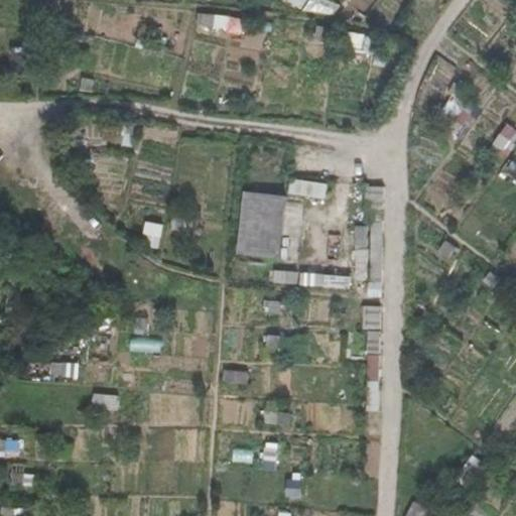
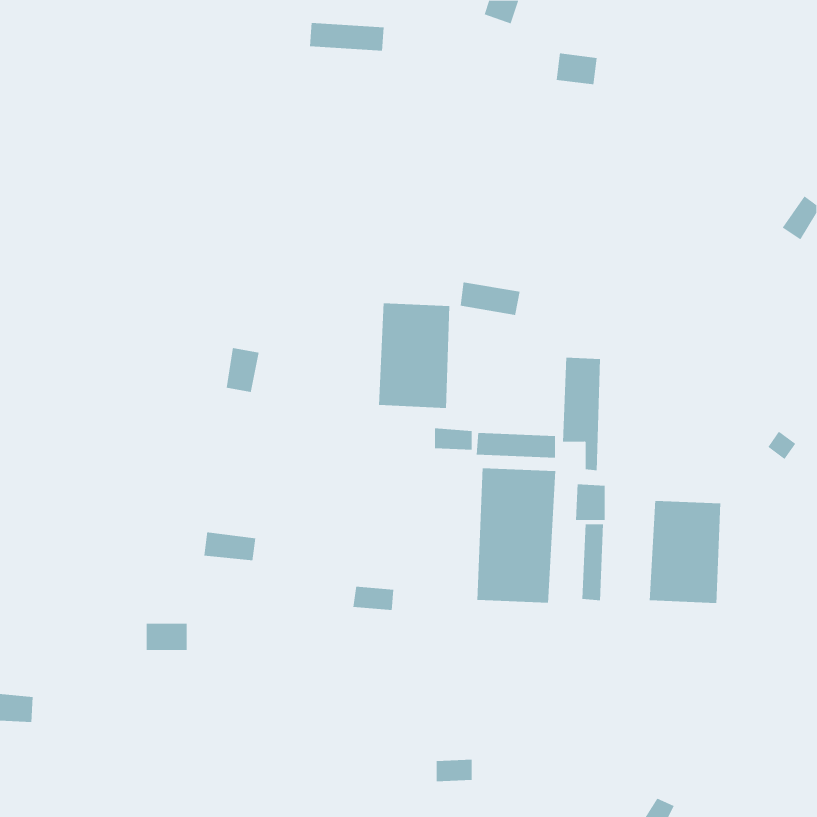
building: none -> [477,467,556,603]
building: none -> [649,500,721,604]

